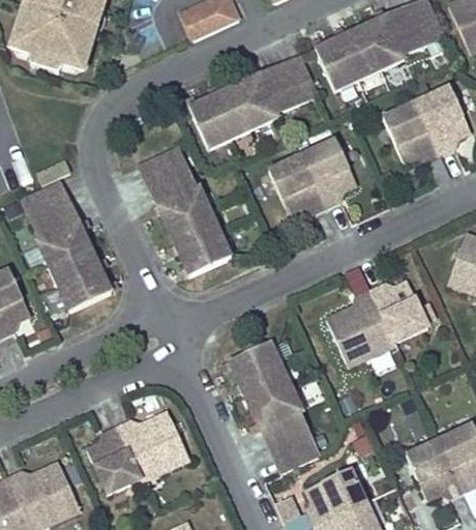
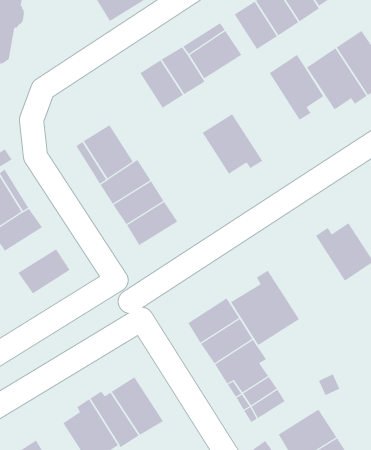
building: [190,98,231,148] -> none
building: [302,137,356,205] -> [269,54,324,120]
building: [50,243,103,287] -> none
building: [327,289,396,365] -> [230,270,300,346]

